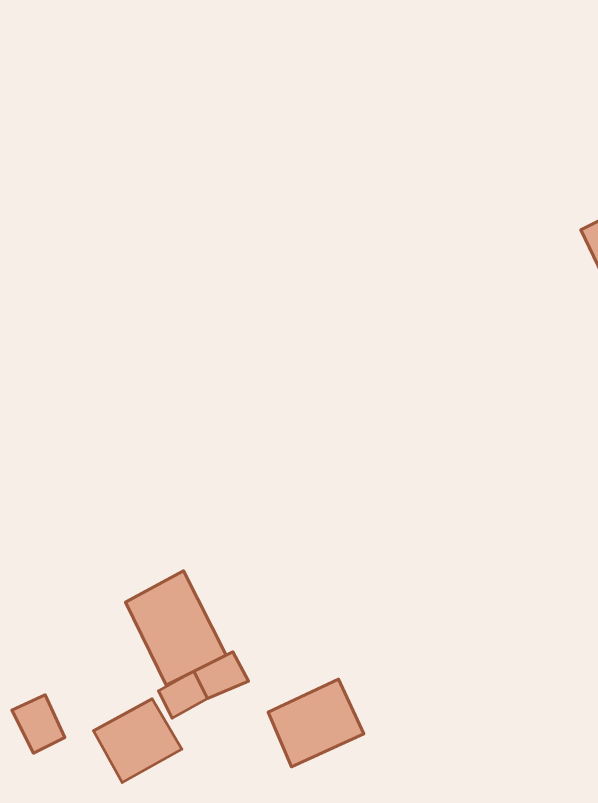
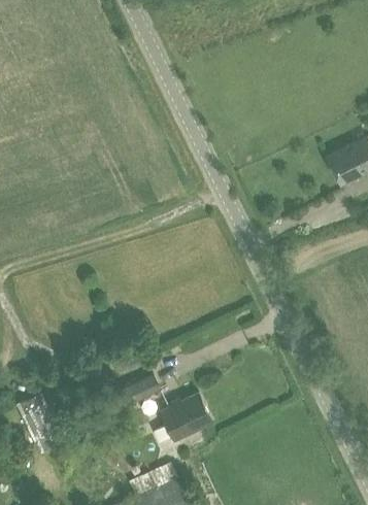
building: [125,571,226,685] -> none
building: [93,699,182,783] -> none

